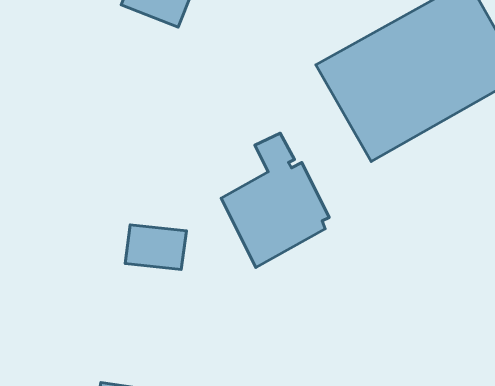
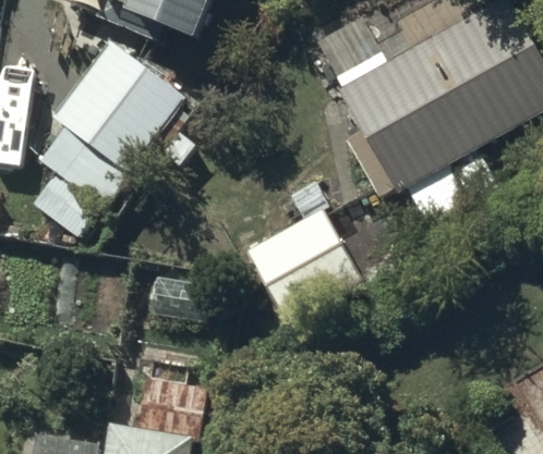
building: none -> [34,44,173,229]

